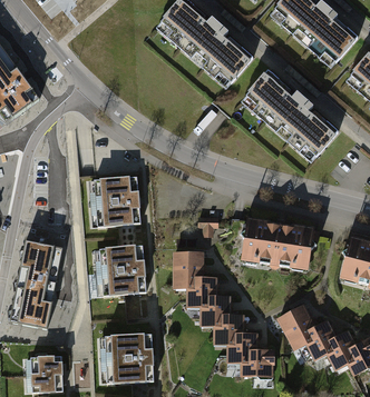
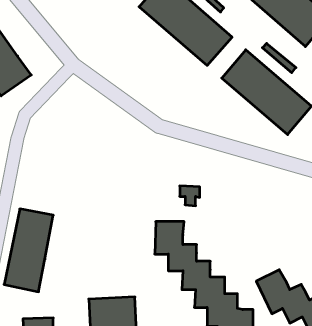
building: [88,177,138,225] -> none
building: [240,218,313,267] -> none
building: [95,245,144,292] -> none

